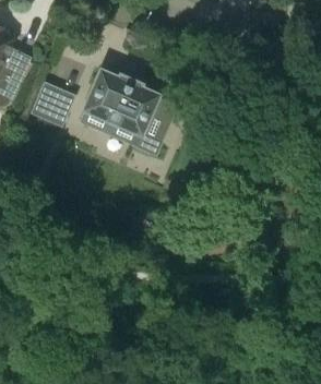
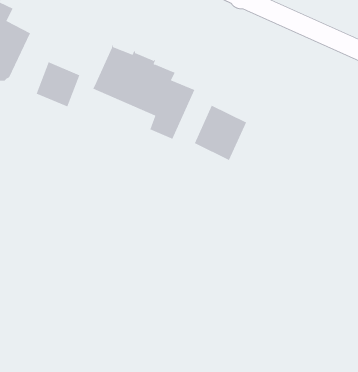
building: none -> [194,105,247,161]

